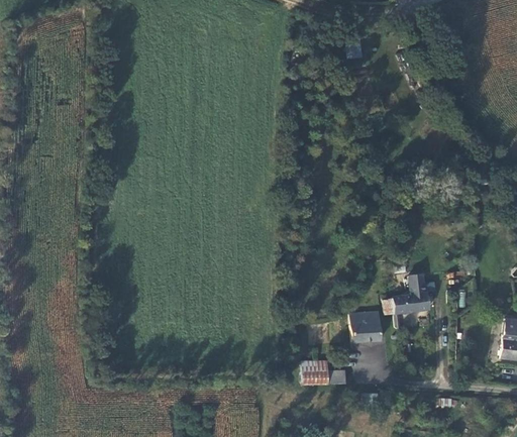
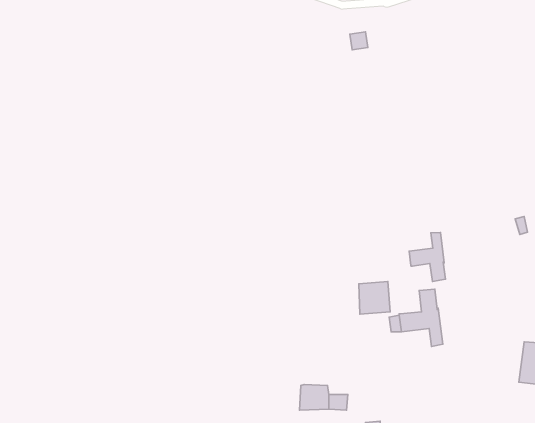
building: none -> [409,232,445,281]
building: [351,312,380,341] -> [359,282,390,314]

